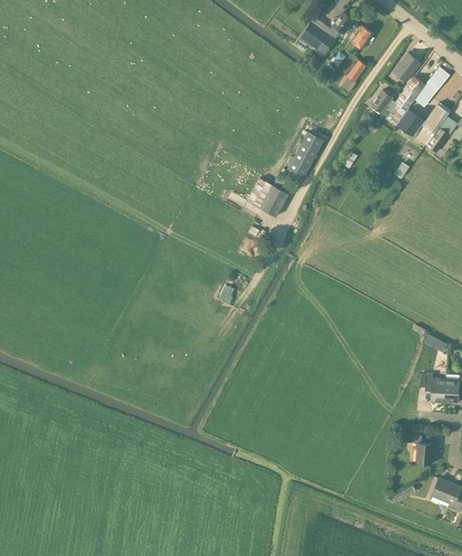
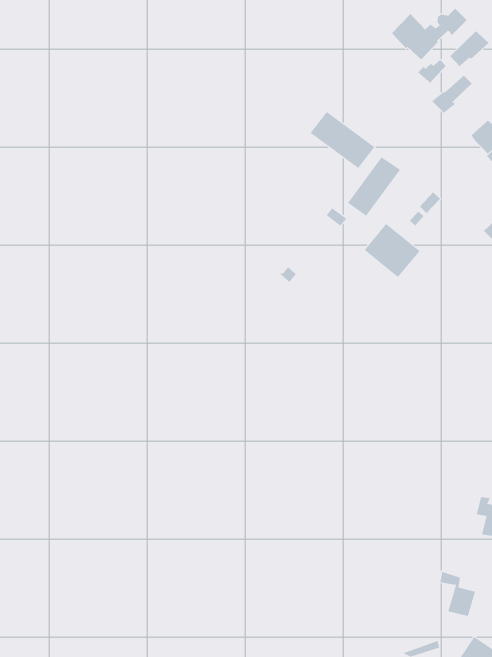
building: none -> [310,111,375,169]
building: [246,177,288,216] -> [364,223,420,278]

